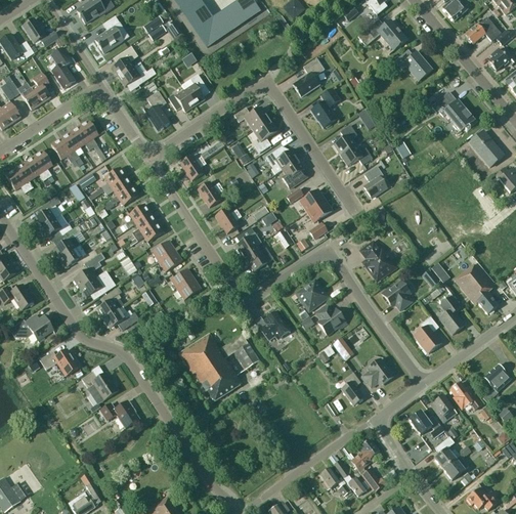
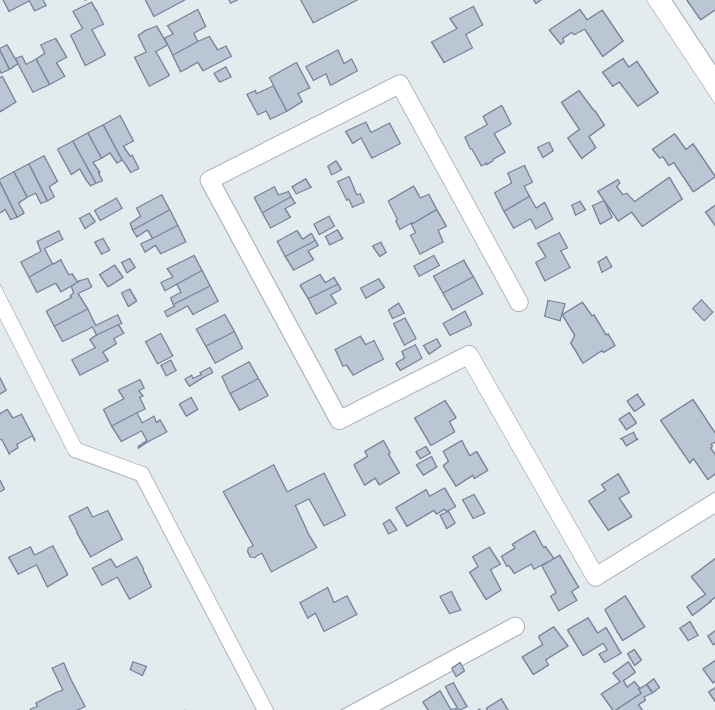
building: [292,58,324,96] -> [431,6,483,63]
building: none -> [306,50,357,85]
building: none -> [561,90,604,159]
building: [145,91,169,130] -> [134,26,169,86]
building: [252,119,277,153] -> none
building: none -> [598,177,682,226]
building: [234,227,261,255] -> none
building: [360,242,396,281] -> [562,302,615,363]
building: [79,276,115,298] -> none
building: [381,281,411,310] -> none
building: [439,297,464,335] -> none
building: none -> [396,488,455,526]
building: [39,349,78,376] -> [9,546,68,587]
building: none -> [542,555,579,611]
building: [449,382,481,410] -> none
building: none -> [300,587,357,631]
building: [350,439,379,471] -> [522,627,568,674]

